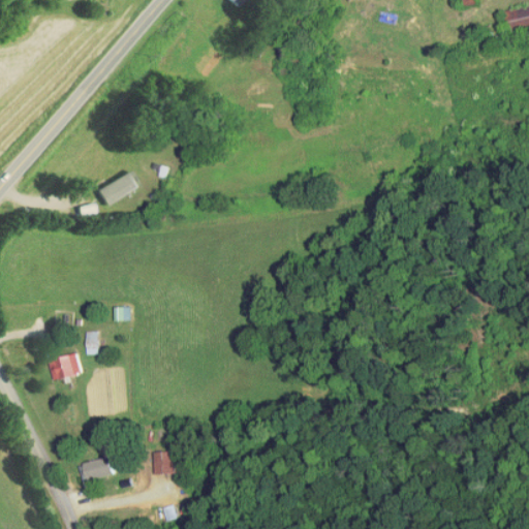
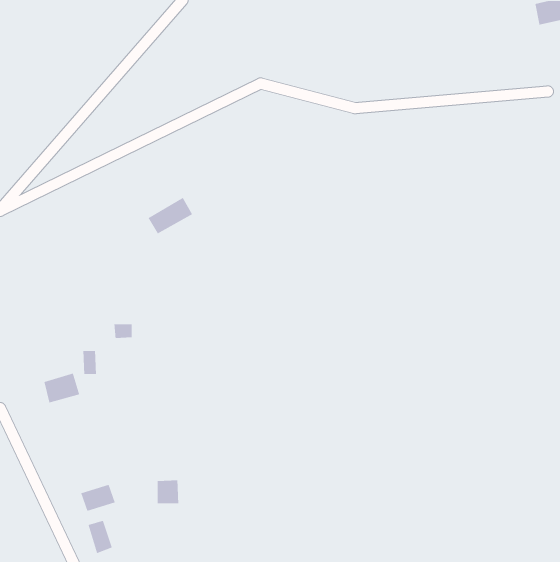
building: [95,170,137,206] -> [148,197,193,235]
building: none -> [87,520,113,554]

